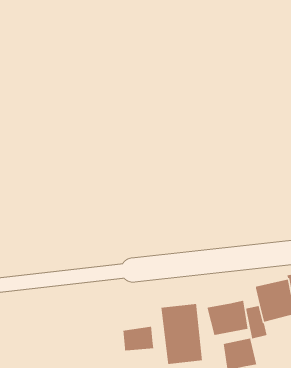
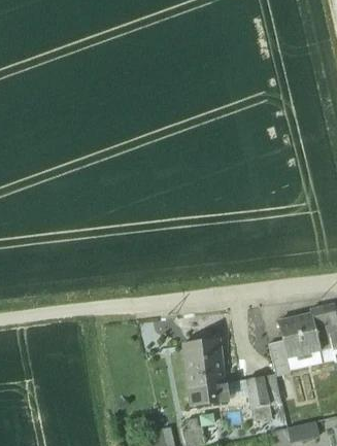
building: [206,300,249,336] -> none
building: [122,326,154,352] -> none

